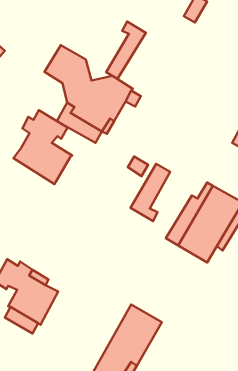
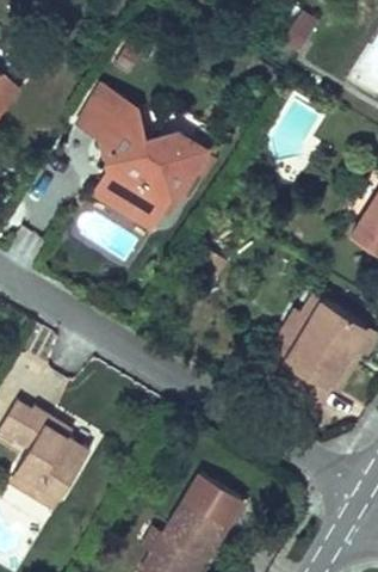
building: [106,22,146,79] -> none
building: [14,110,72,184] -> none
building: [131,164,170,221] -> none

